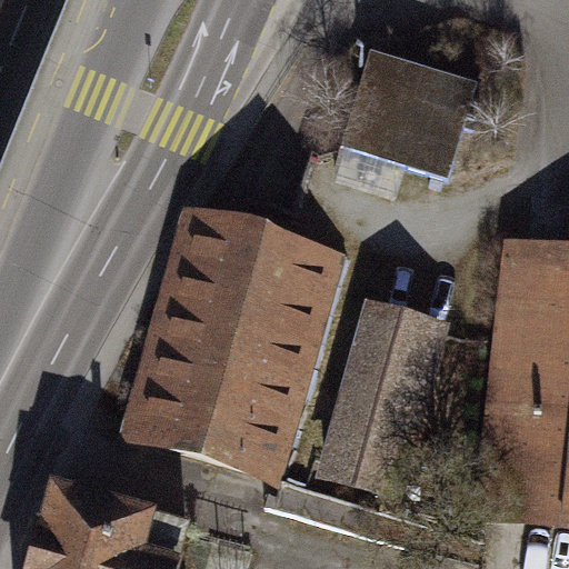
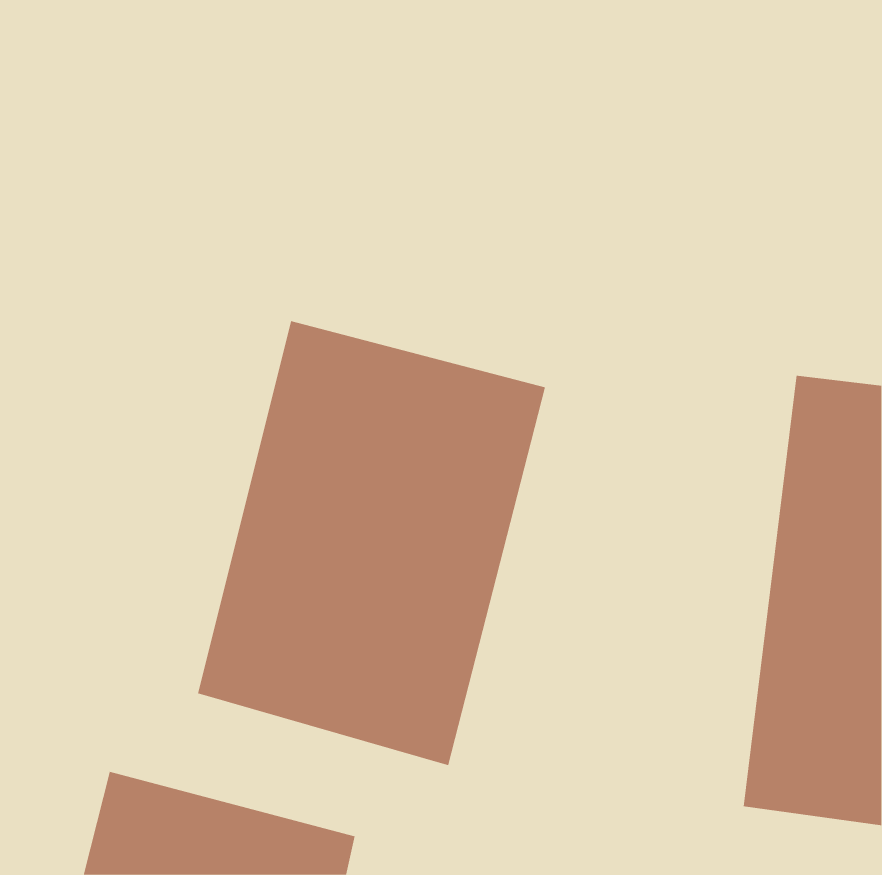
building: [346,47,477,167] -> none
building: [327,303,449,505] -> none

